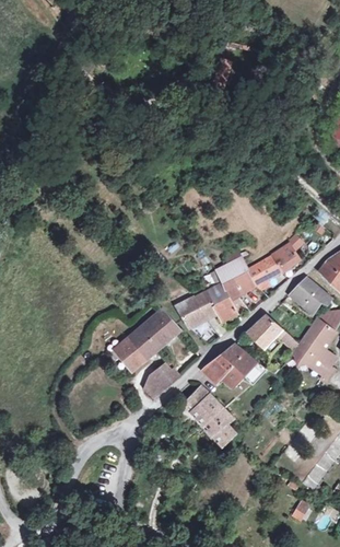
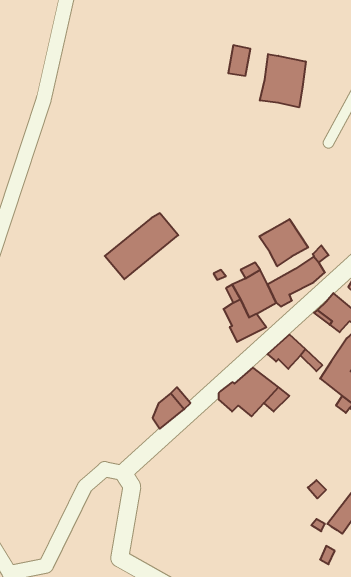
building: none -> [260,54,306,107]
building: none -> [259,219,308,266]
building: [175,291,218,342] -> none
building: [114,311,179,370] -> [105,213,178,279]
building: [183,384,236,444] -> none

